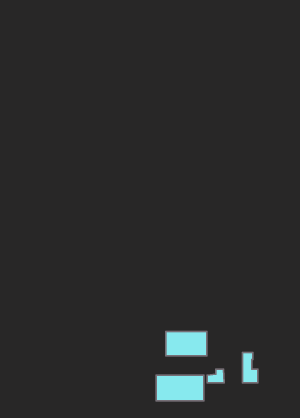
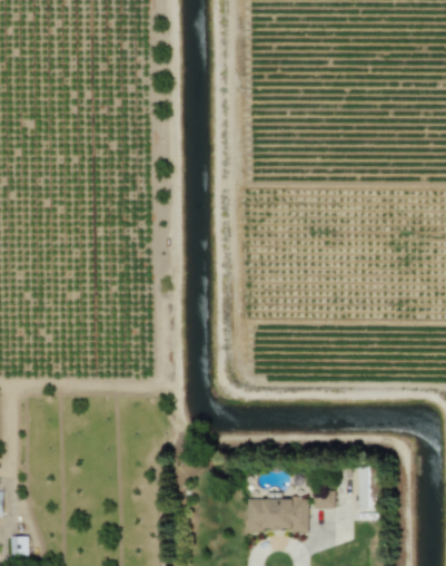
building: [166,332,207,356] -> none

